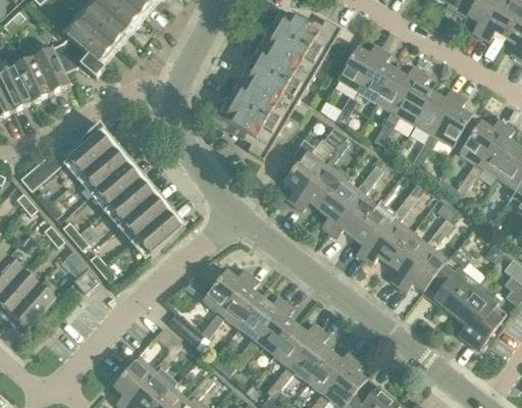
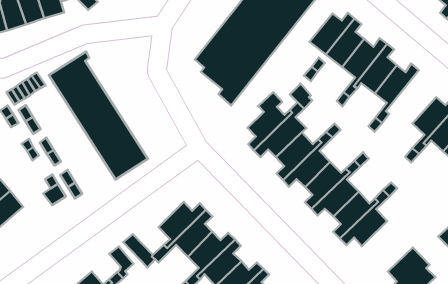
building: [429,95,473,149] -> none
building: [427,250,478,315] -> none

